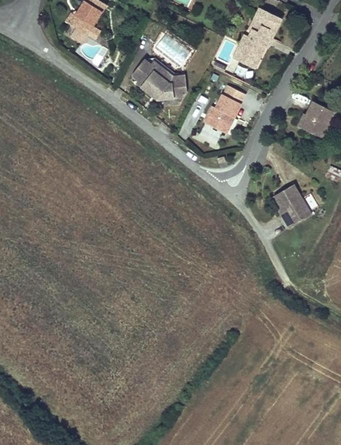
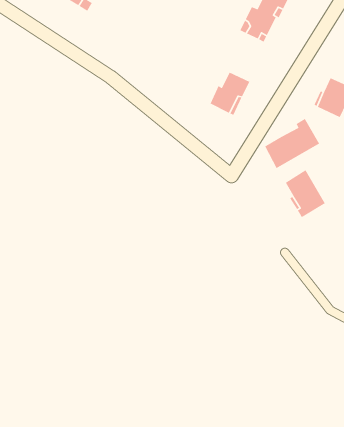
building: [132,57,185,100] -> none
building: none -> [264,118,320,169]

